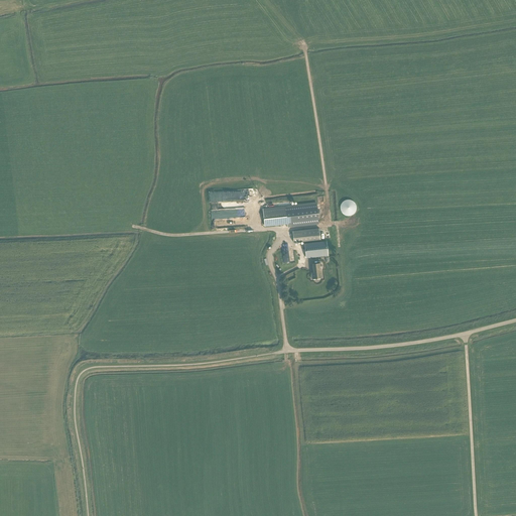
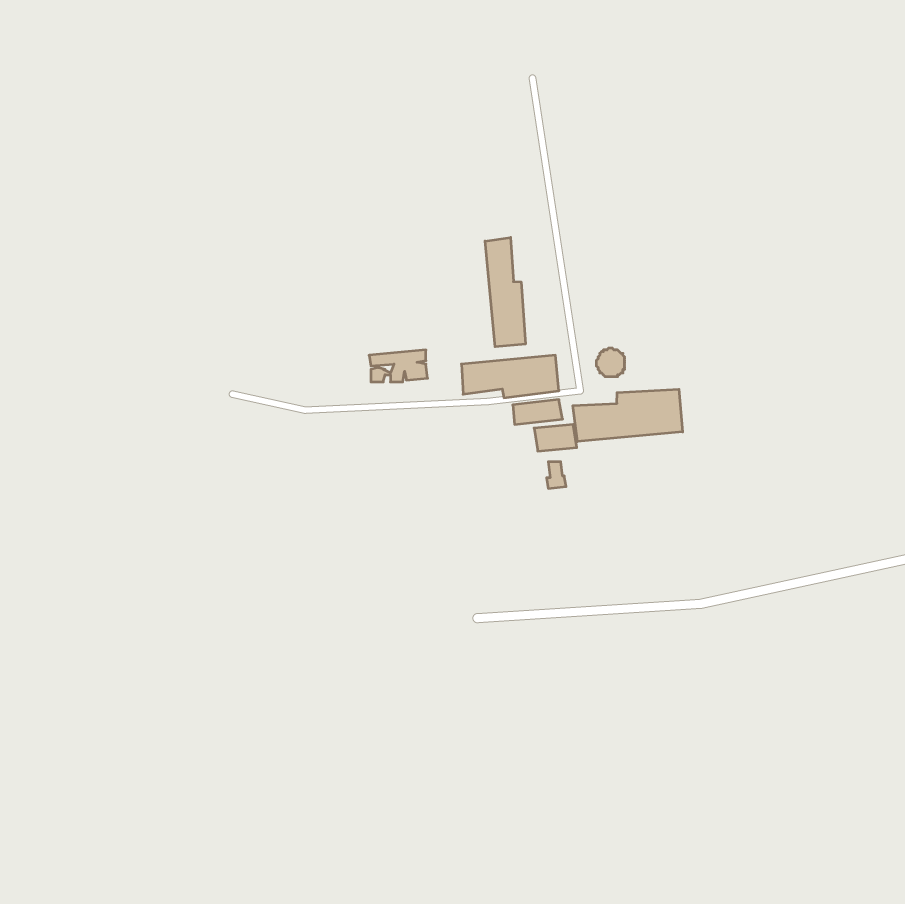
building: none -> [485,237,525,347]
building: none -> [573,389,683,442]

